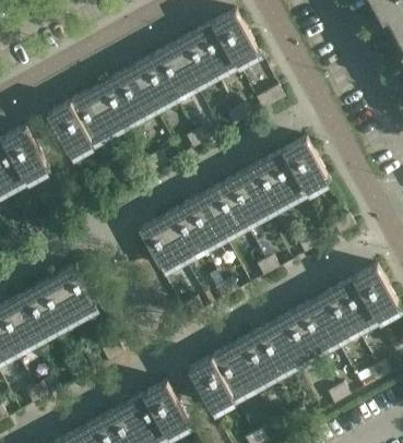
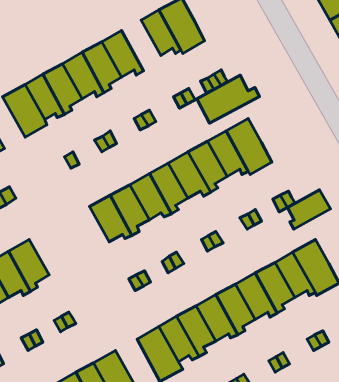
building: [171,36,213,89] -> none
building: none -> [197,75,260,123]
building: none -> [287,190,331,229]

